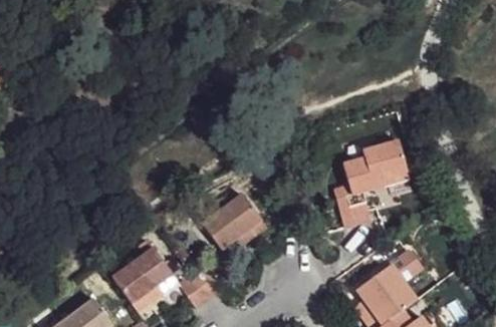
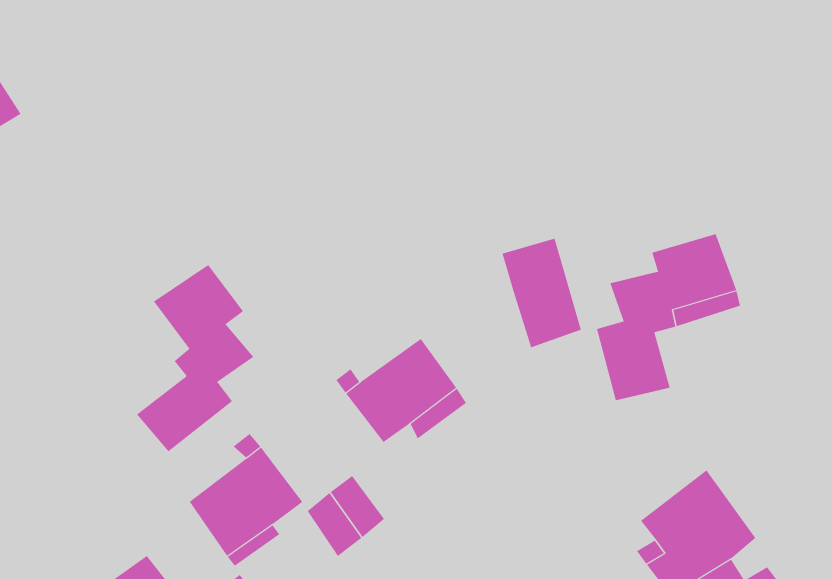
building: none -> [502,238,581,348]
building: none -> [136,264,254,452]

